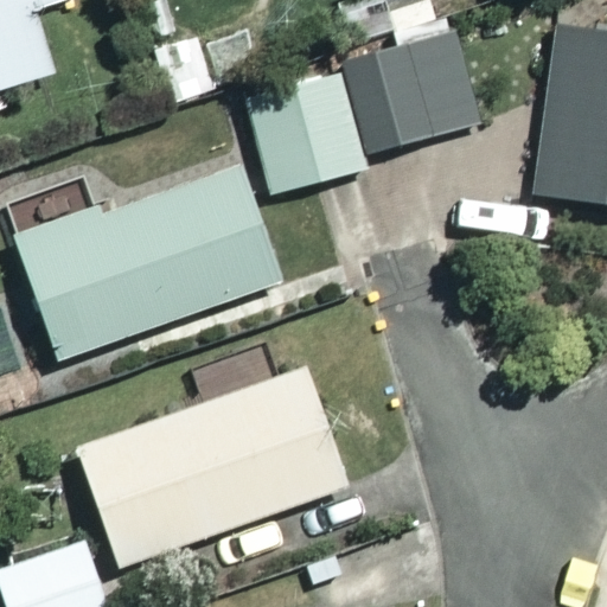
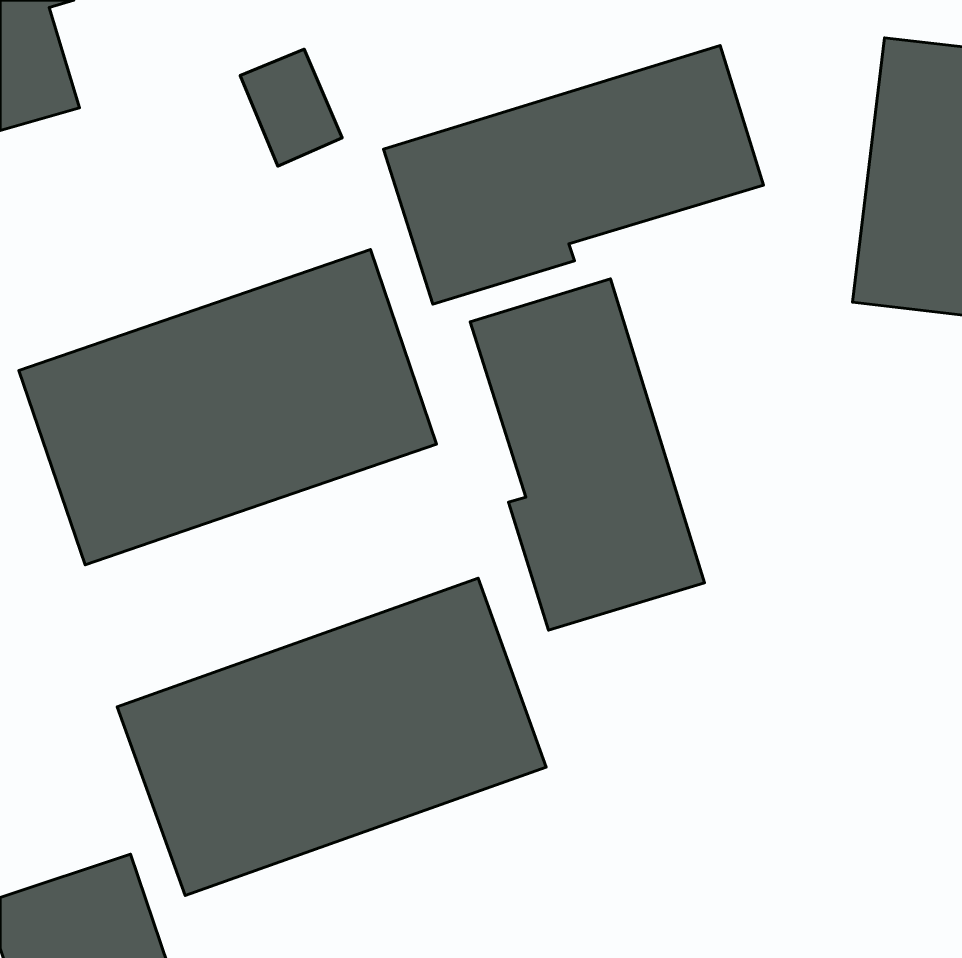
building: none -> [470,279,705,630]

